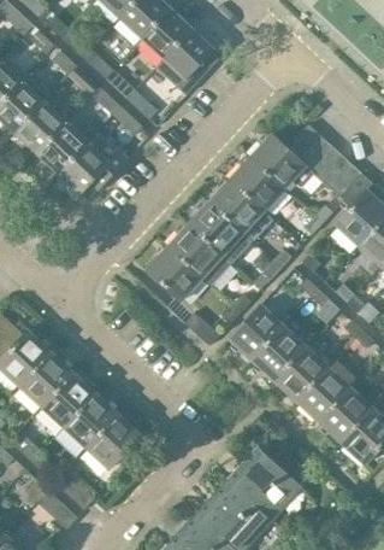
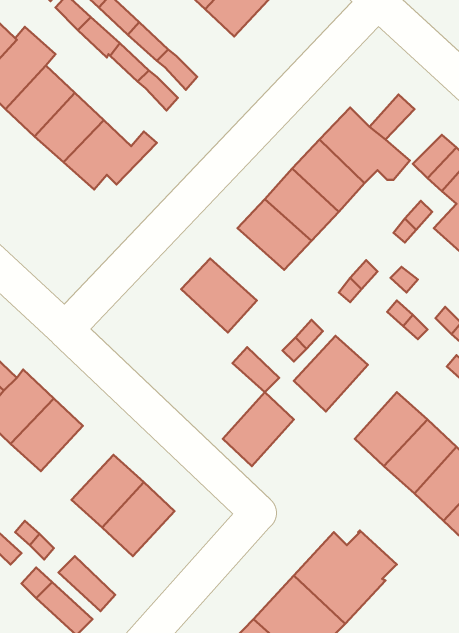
building: [297,134,339,175] -> none
building: [166,223,221,277] -> none
building: [253,326,306,381] -> [223,392,294,466]
building: [40,371,94,427] -> none

